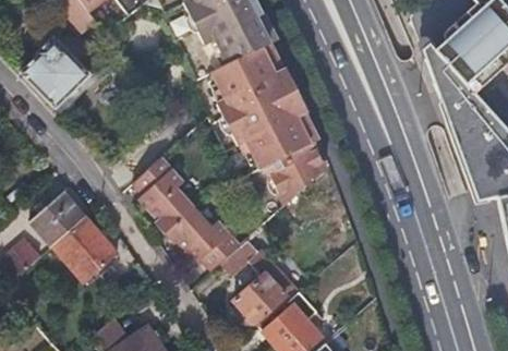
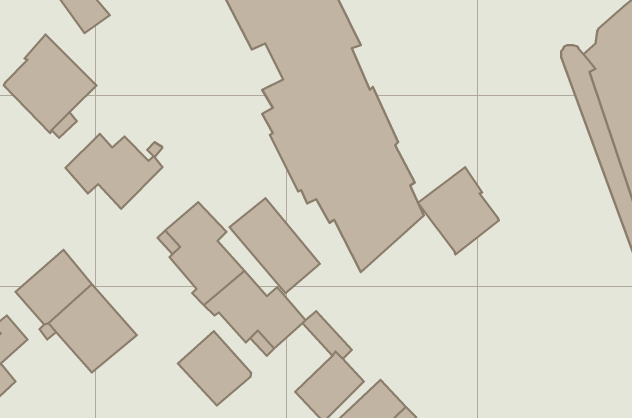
building: none -> [65,134,163,209]
building: none -> [418,167,499,254]
building: none -> [229,198,320,293]
building: none -> [178,331,251,406]

